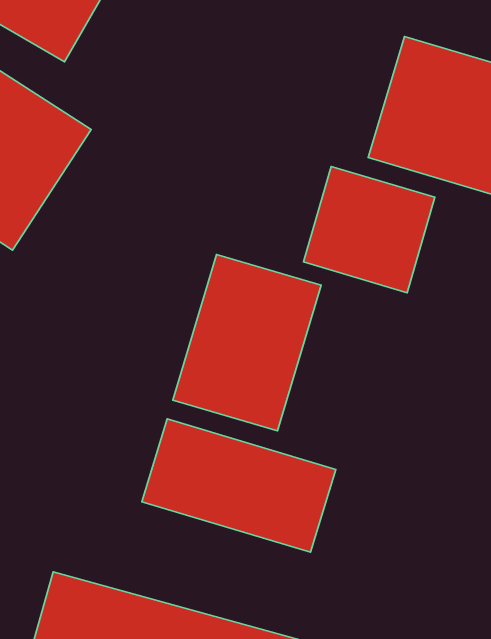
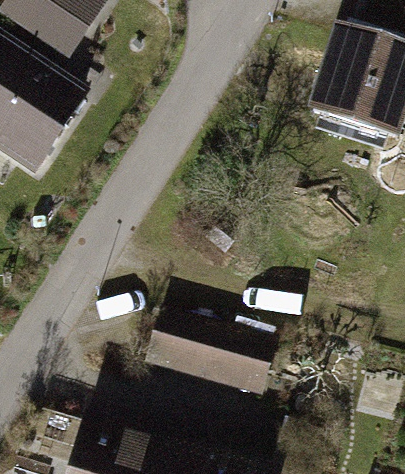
building: [303,167,435,293] -> none
building: [173,255,321,431] -> none

